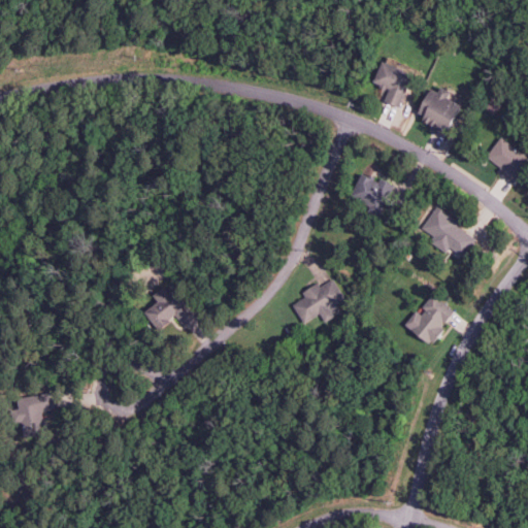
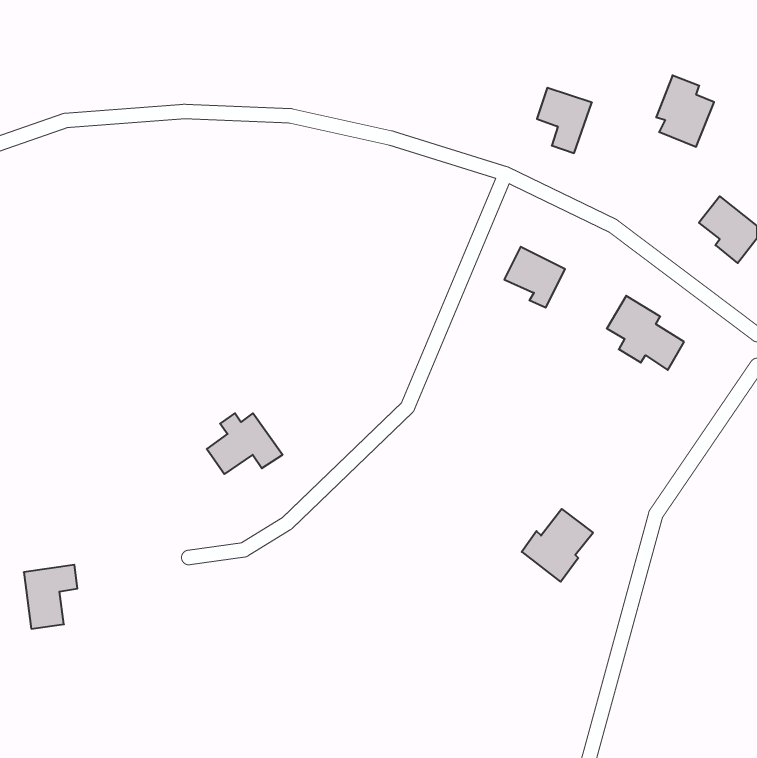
building: [418,86,458,135] -> [656,75,714,147]
building: [292,278,342,323] -> none
building: [404,295,454,345] -> [522,509,593,582]

